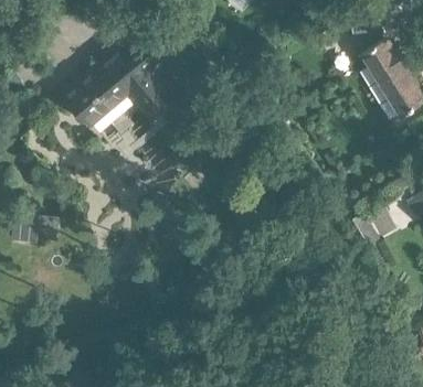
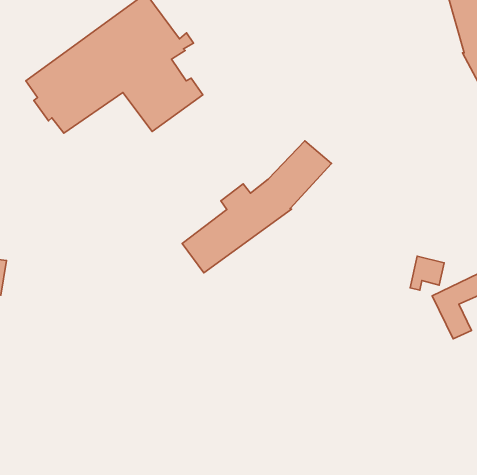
building: none -> [182,141,331,273]

